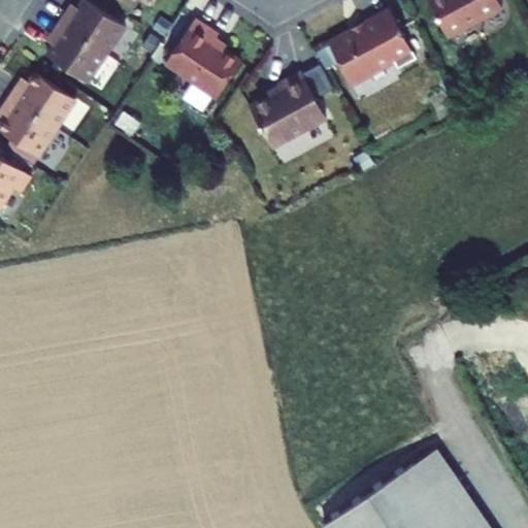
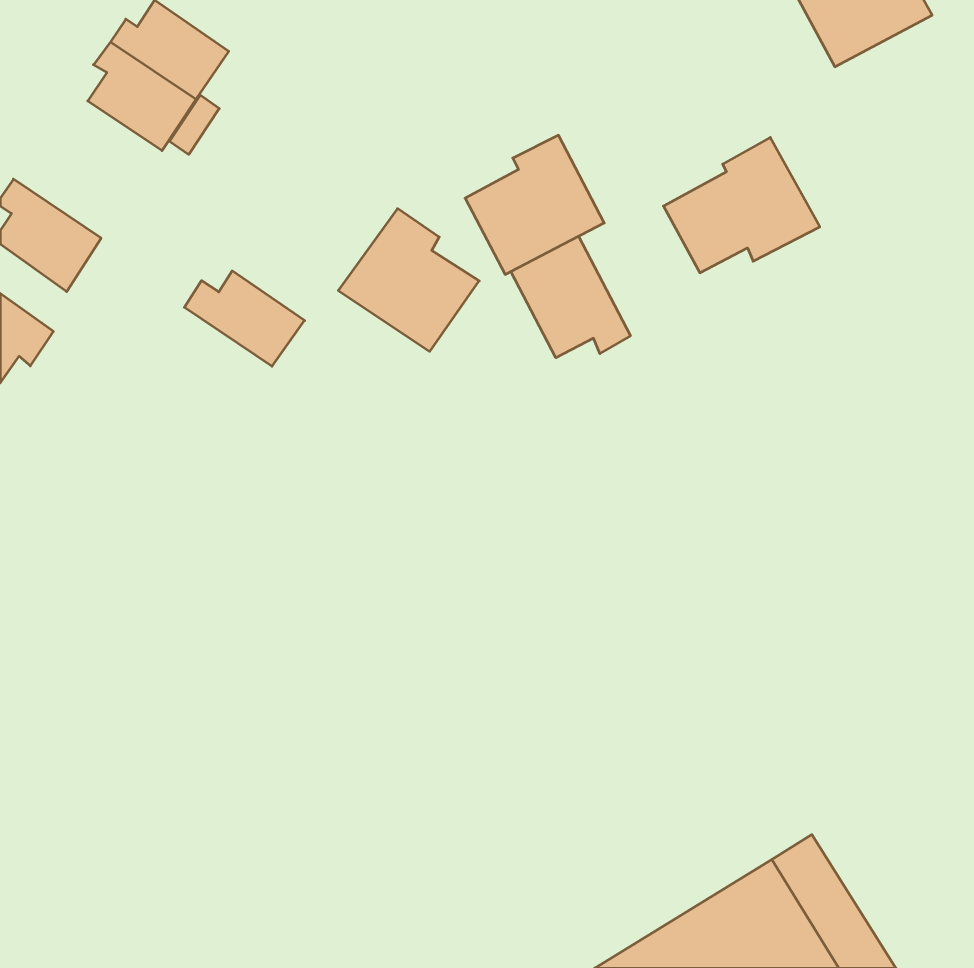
building: [332,10,417,84] -> [663,137,820,273]
building: [163,24,239,101] -> [338,209,479,351]
building: [7,77,72,129] -> [184,271,305,366]
building: none -> [511,236,630,358]

